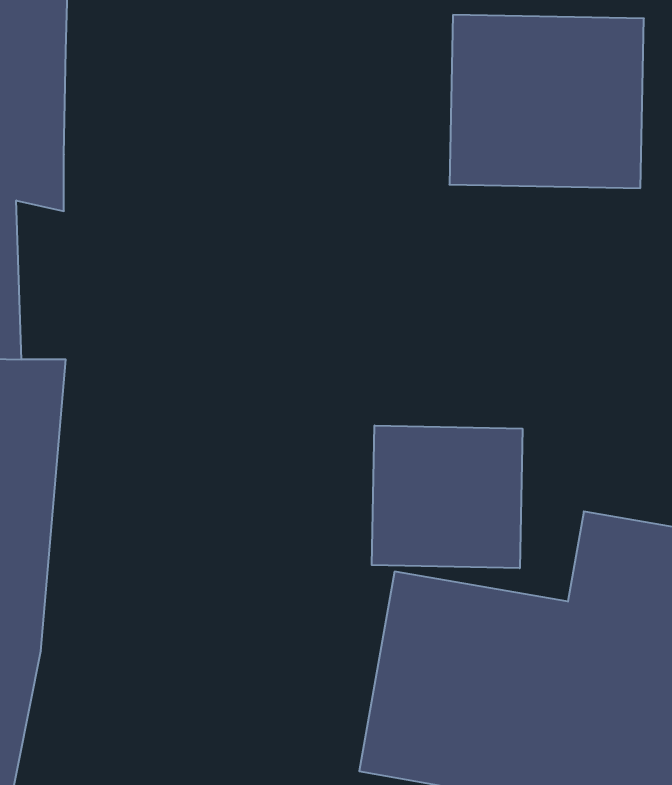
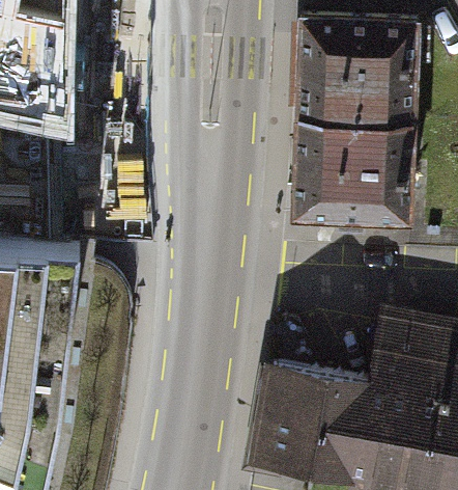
building: none -> [294,124,408,221]
building: [372,425,522,568] -> none

